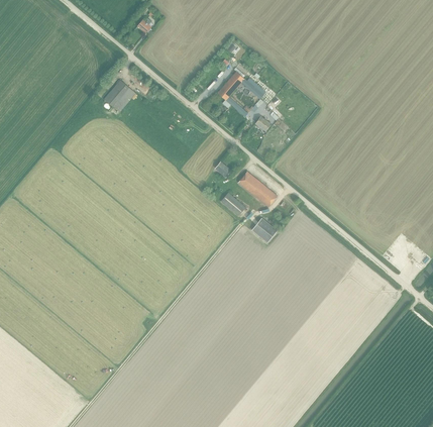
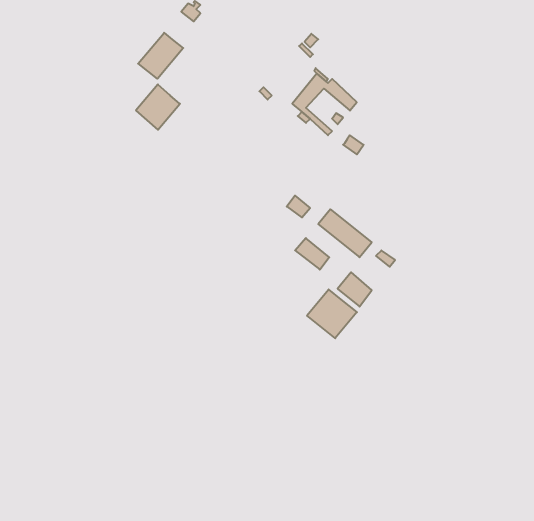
building: none -> [138,33,183,79]
building: none -> [307,289,357,338]

